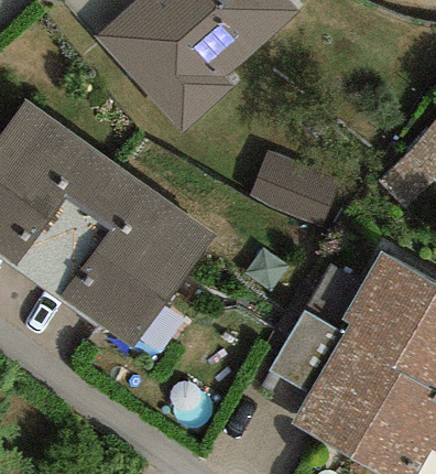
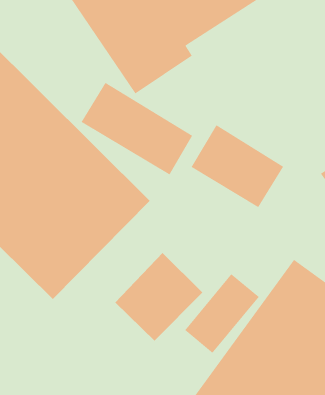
building: none -> [81,82,193,175]
building: none -> [114,252,203,342]

